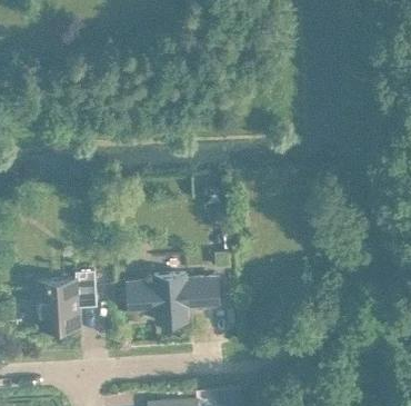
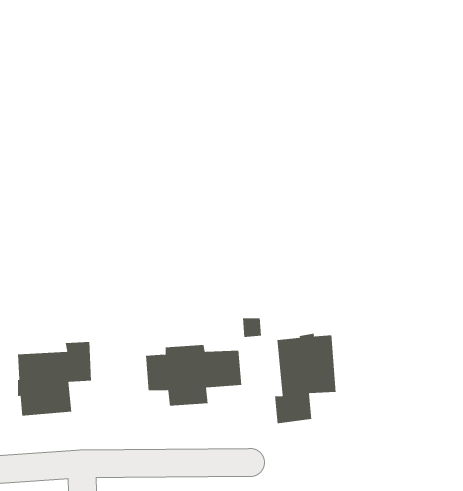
building: none -> [274,333,336,424]

